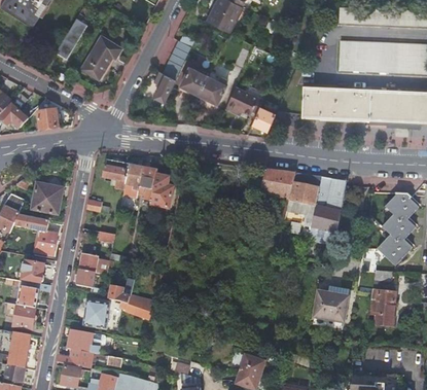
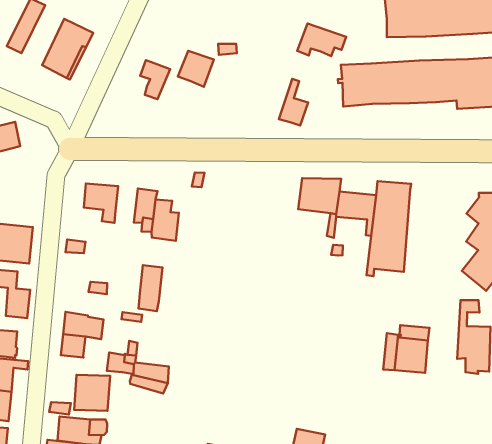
building: [162,40,190,79] -> none
building: [199,75,226,103] -> none
building: [226,85,263,111] -> [297,24,346,56]
building: [122,163,143,198] -> [139,265,163,311]

